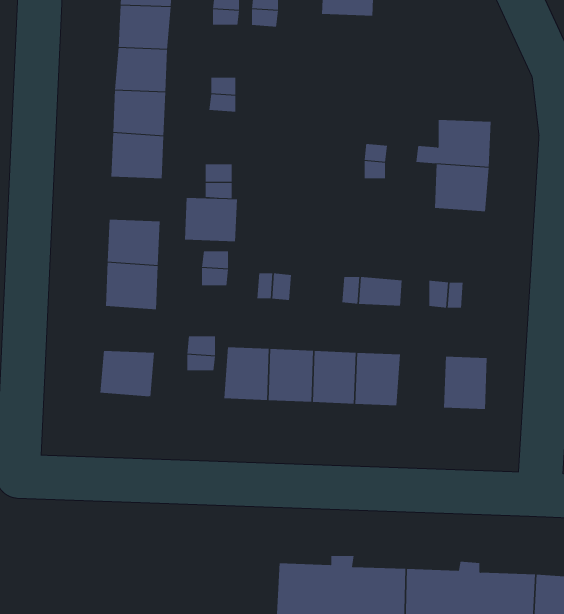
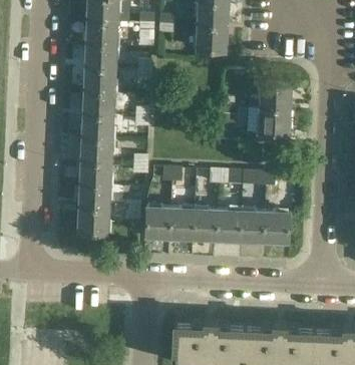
building: none -> [198,29,227,53]
building: [184,197,238,242] -> [83,117,112,141]
building: none -> [80,188,109,213]
building: none -> [240,214,266,243]

